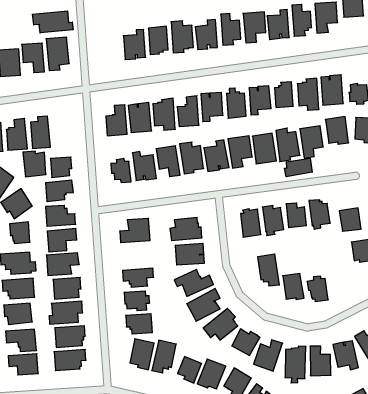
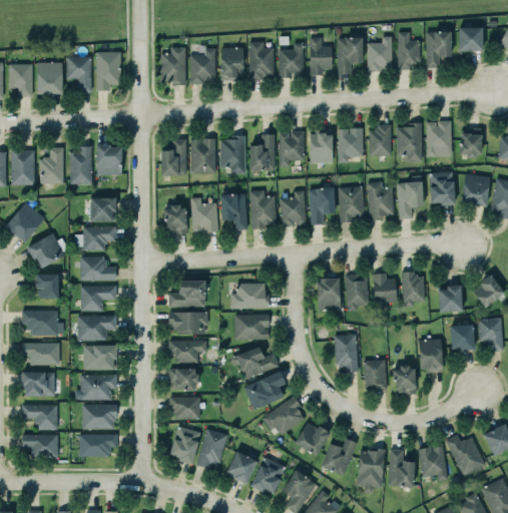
building: [33,11,73,33] -> none
building: none -> [161,47,186,85]
building: [23,151,46,177] -> [96,145,122,175]
building: [285,158,312,177] -> none
building: none -> [169,312,207,334]
building: none -> [419,338,444,373]

